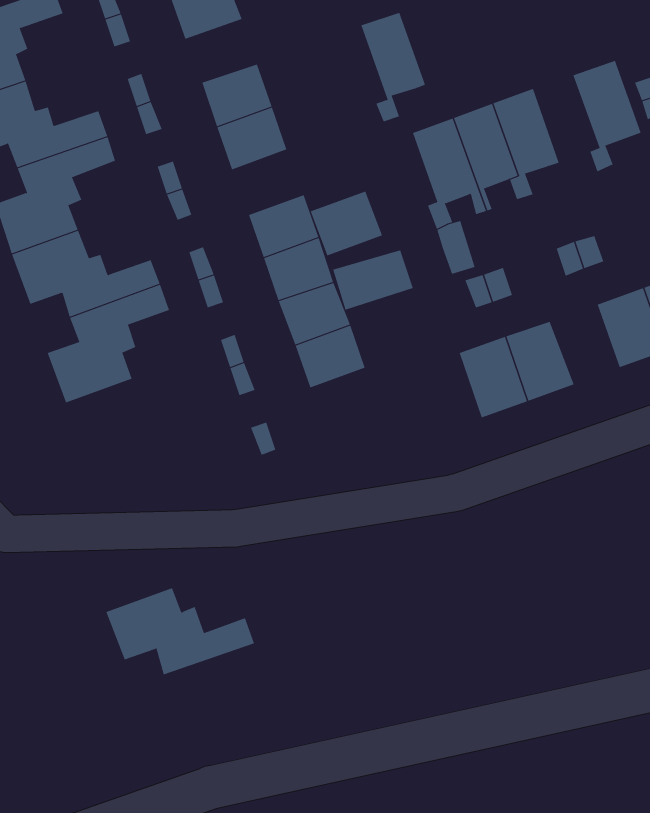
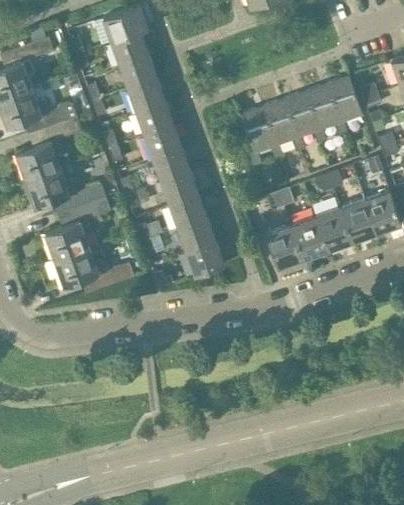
building: [361,12,426,122] -> [304,84,339,143]
building: none -> [117,54,156,88]
building: [310,191,383,256] -> [142,124,181,159]
building: [333,250,413,310] -> none
building: none -> [313,207,350,250]
building: none -> [184,241,223,276]
building: [106,588,255,675] -> [53,247,133,294]

